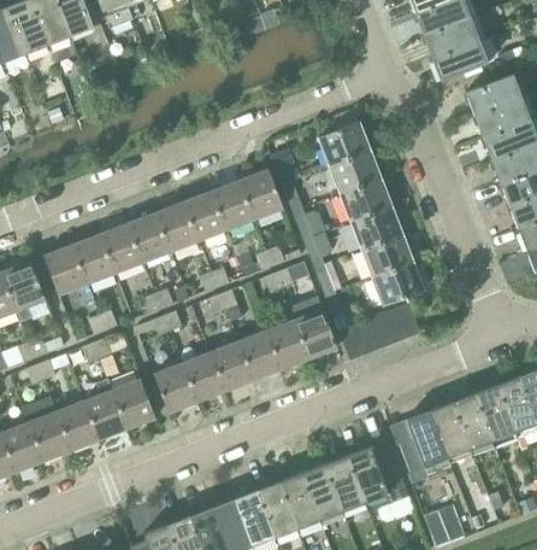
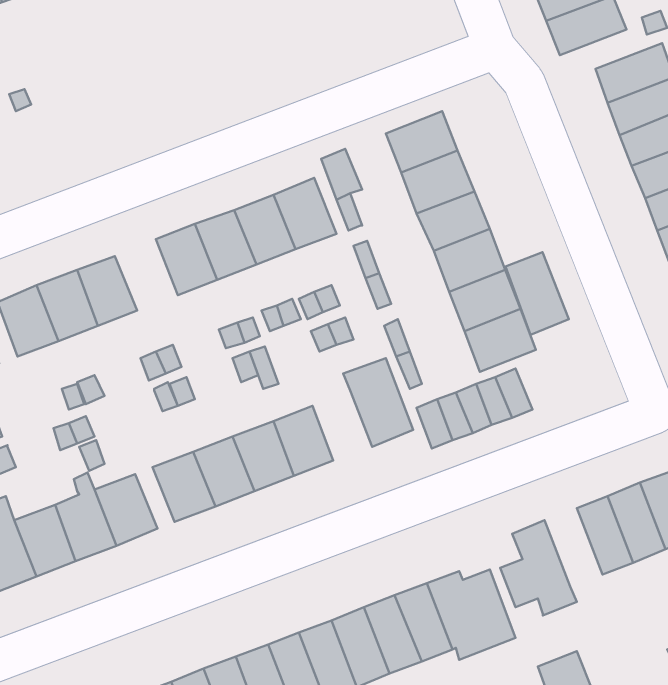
building: [126,212,171,263] -> none
building: none -> [506,252,569,335]
building: [266,320,308,369] -> none
building: [430,403,471,458] -> none

